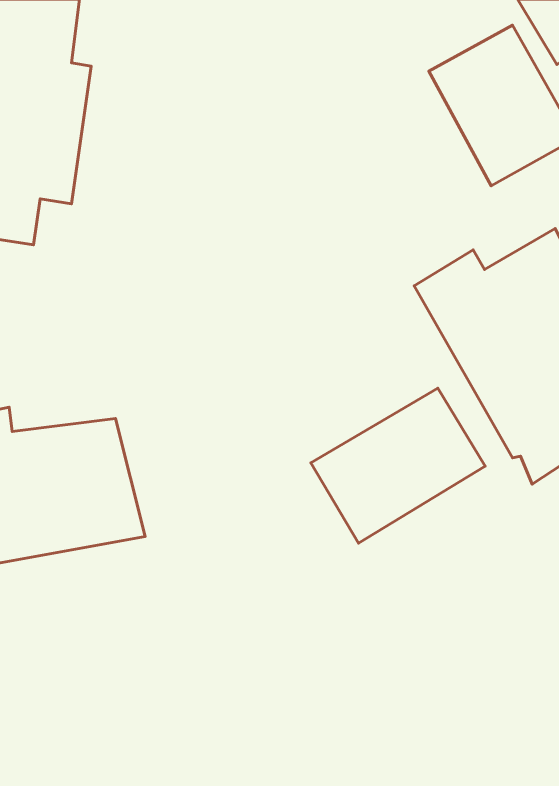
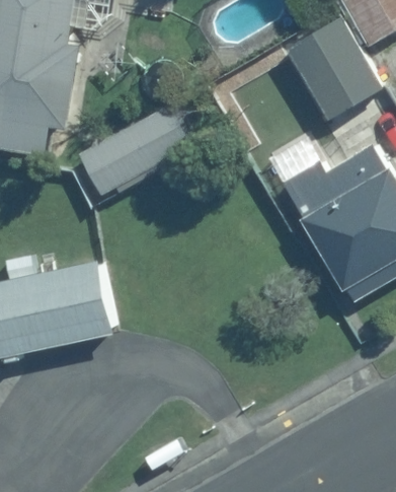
building: none -> [81,104,191,194]
building: [311,388,485,543] -> none

